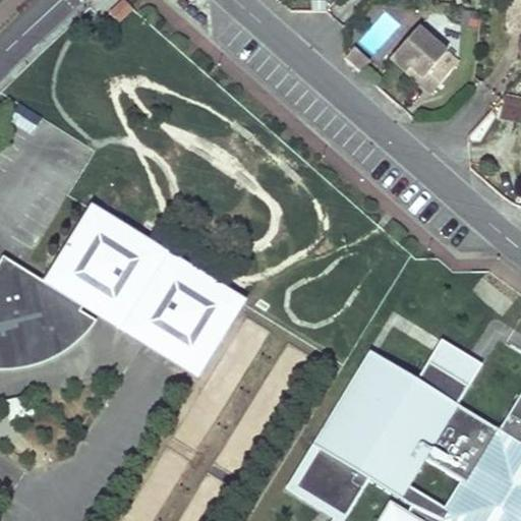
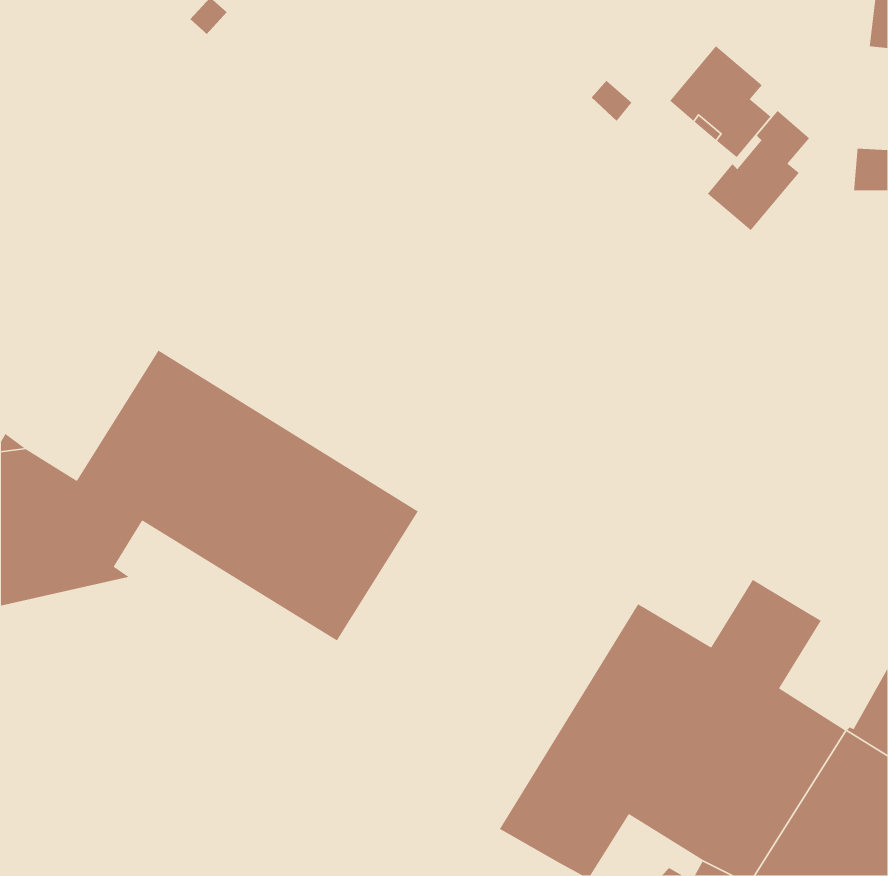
building: none -> [707,110,810,231]

